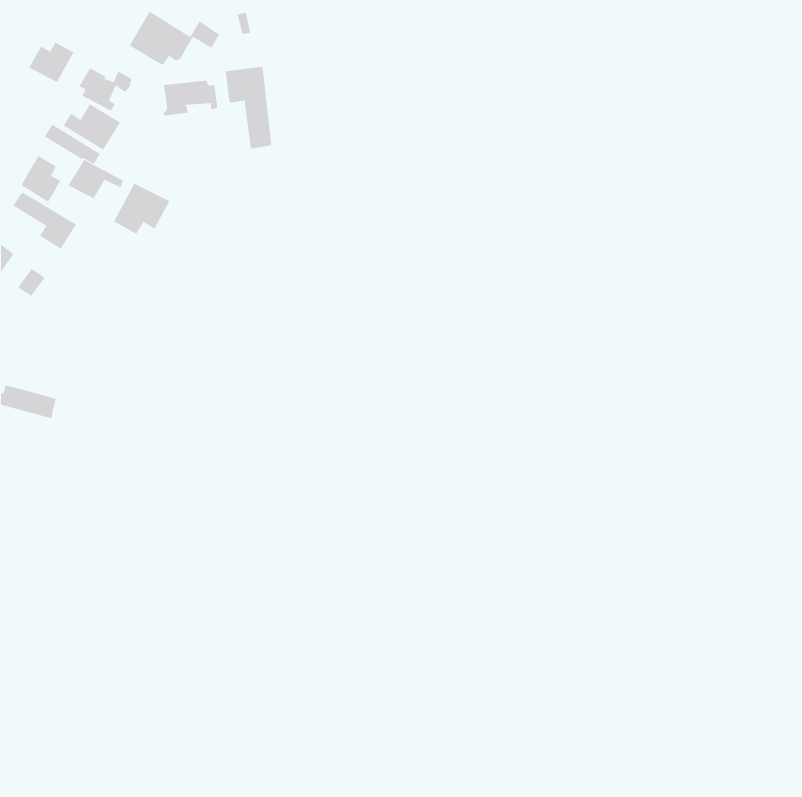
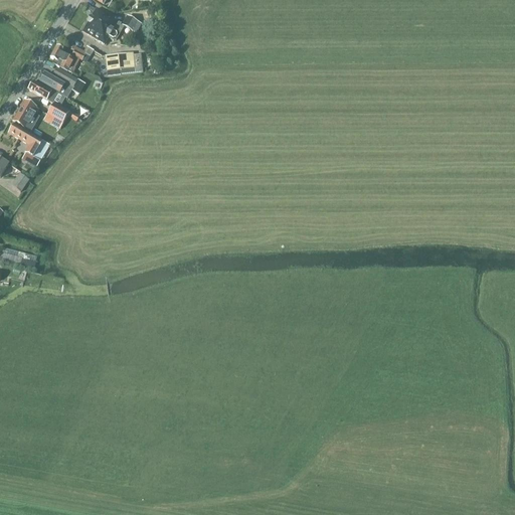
building: [29,42,74,83] -> none
building: [225,66,272,149] -> none
building: [113,183,170,234] -> none

